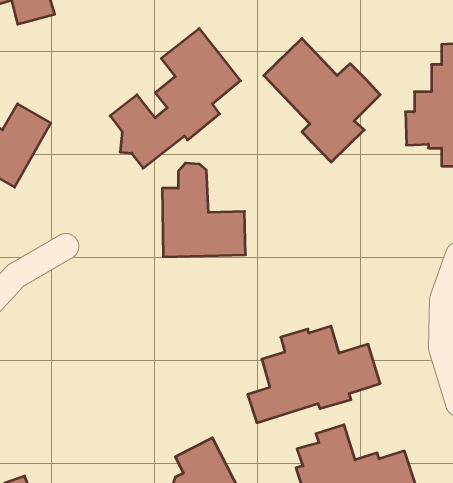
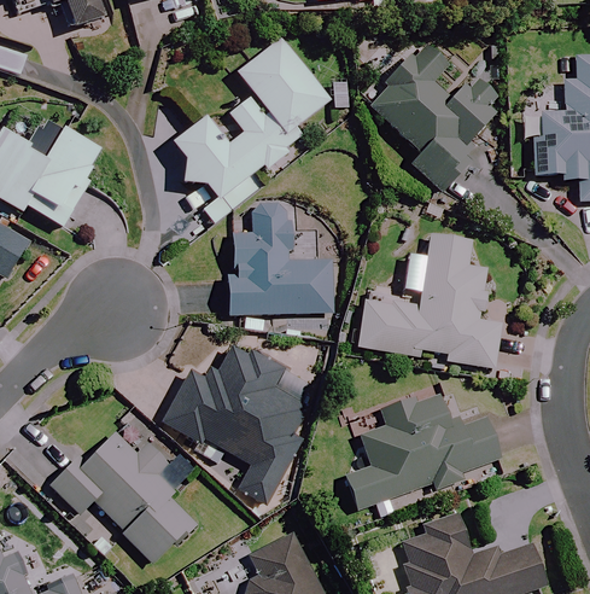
building: none -> [356,233,500,367]
building: none -> [160,349,309,502]
building: none -> [49,433,195,564]

